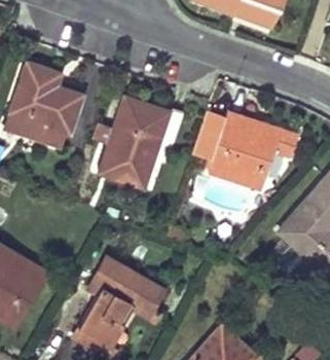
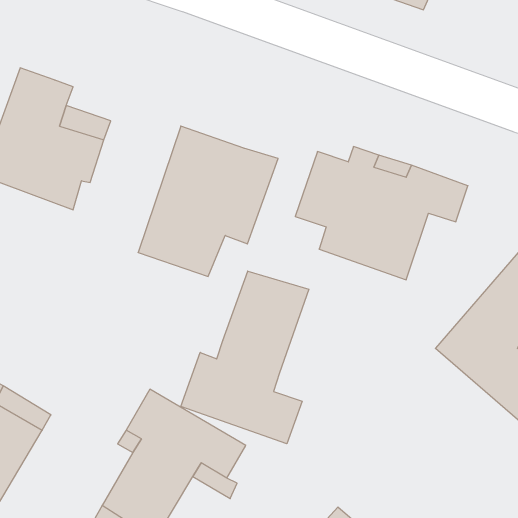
building: none -> [181,271,309,444]

